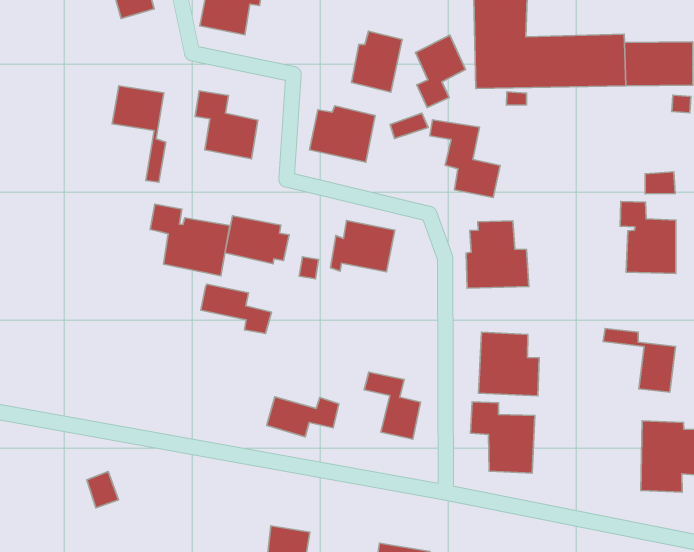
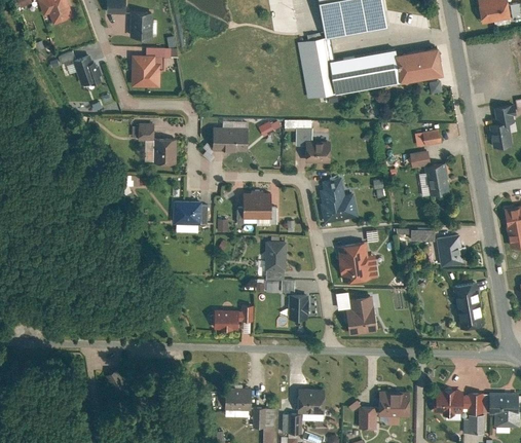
building: [351,31,402,92] -> none
building: [415,35,466,108] -> none
building: [112,86,166,182] -> none
building: [150,204,230,276] -> none
building: [201,284,272,333] -> none
building: none -> [261,242,287,281]

